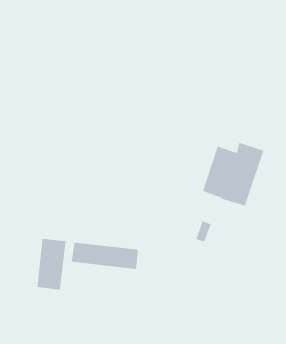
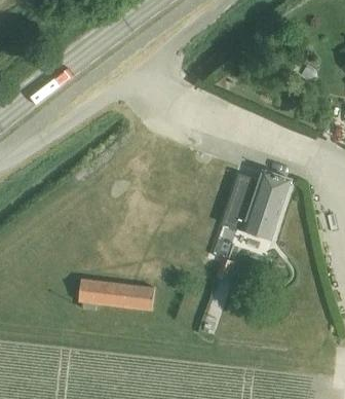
building: [37,238,66,290] -> none

